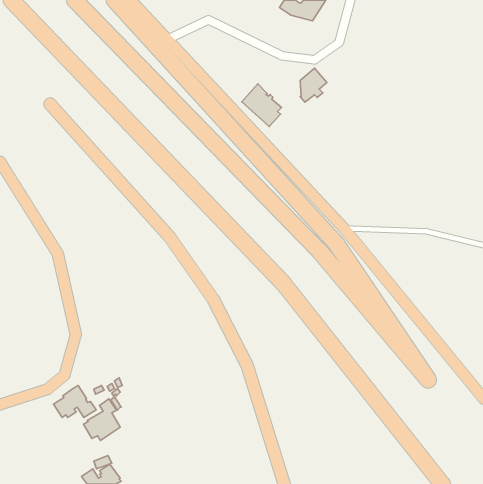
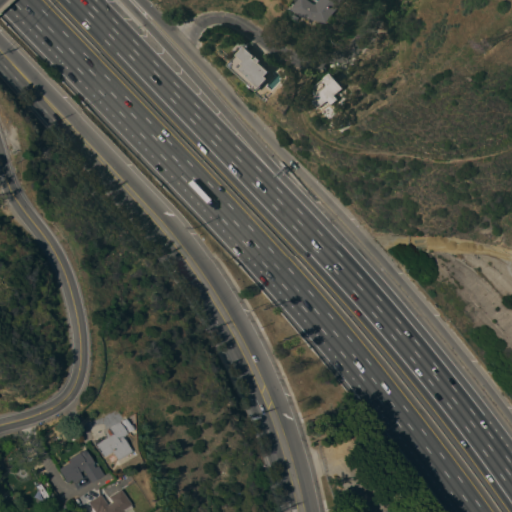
building: [242,84,281,127] -> [228,46,270,91]
building: [53,385,96,418] -> [58,449,103,483]

